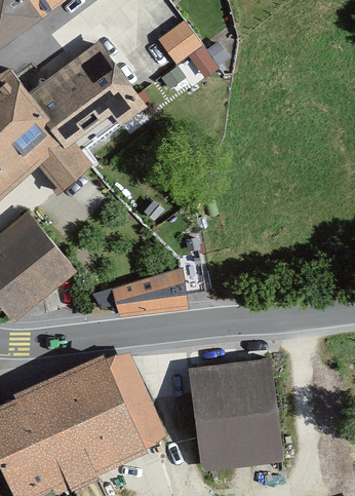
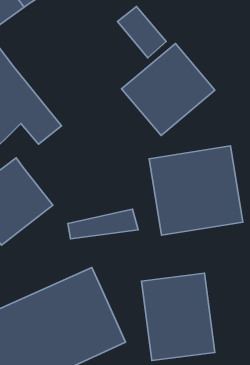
building: [25,41,146,147] -> none
building: none -> [122,43,215,136]
building: none -> [149,146,243,235]

